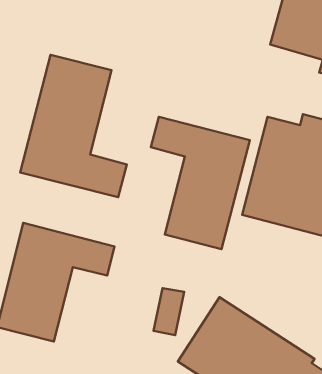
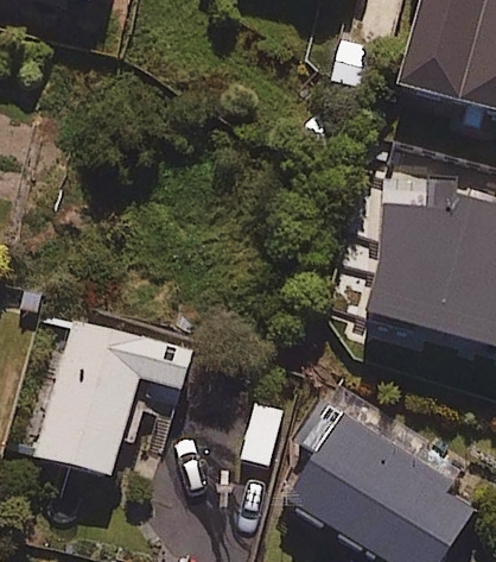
building: [20,55,127,197] -> none
building: [151,117,250,249] -> none

